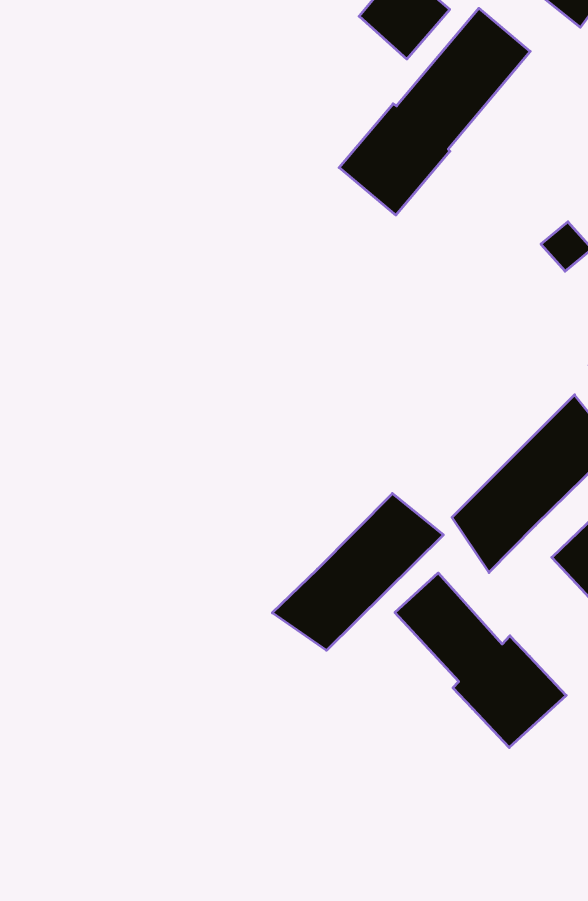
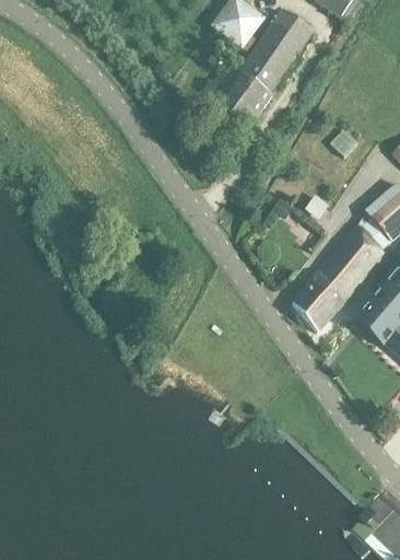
building: [272,493,443,650] -> none
building: [395,573,566,748] -> none

